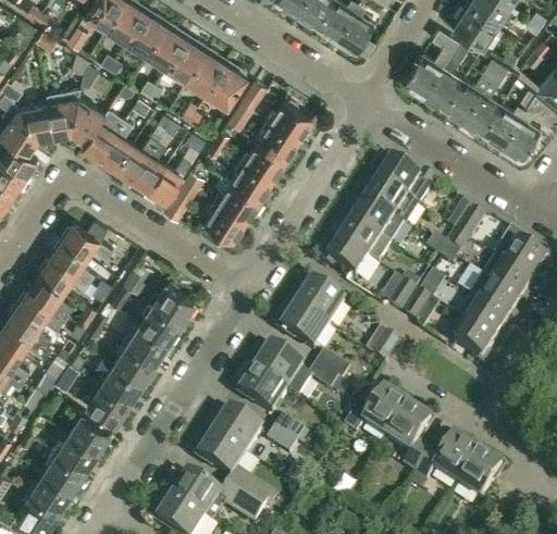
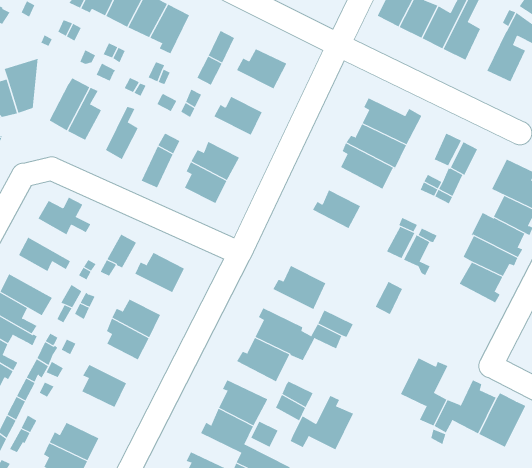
building: [205,62,248,107] -> none
building: [70,97,104,147] -> none
building: [482,104,523,145] -> none
building: [257,119,298,161] -> none
building: [115,131,161,181] -> none
building: [148,153,195,211] -> none
building: [231,160,272,201] -> none
building: [339,218,391,265] -> none
building: [51,238,95,282] -> none
building: [29,271,73,314] -> none
building: [296,281,344,328] -> none
building: [140,300,182,341] -> none
building: [96,363,143,402] -> none
building: [344,388,407,440] -> [290,395,354,450]
building: [69,408,112,451] -> none

